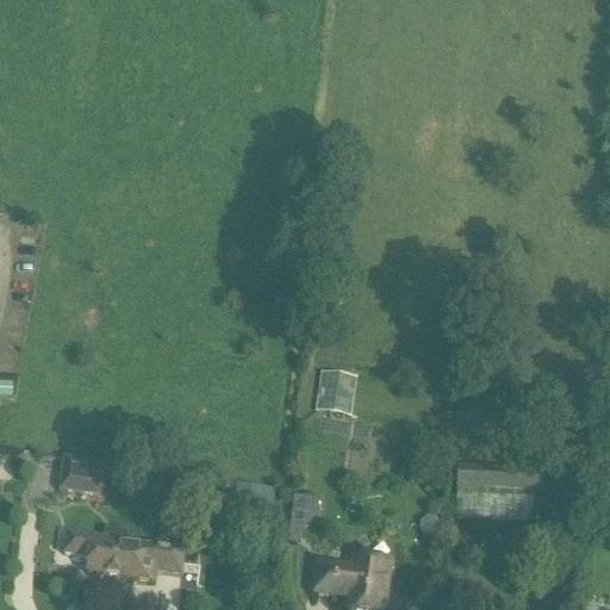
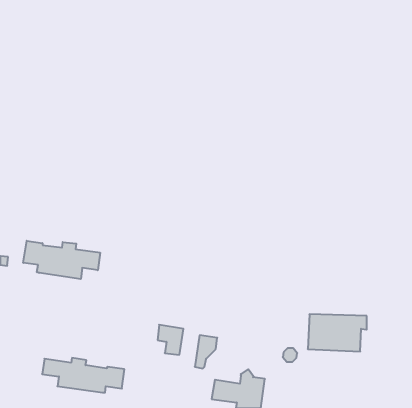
building: none -> [23,241,100,279]
building: [316,368,357,412] -> none
building: [58,455,102,492] -> none

